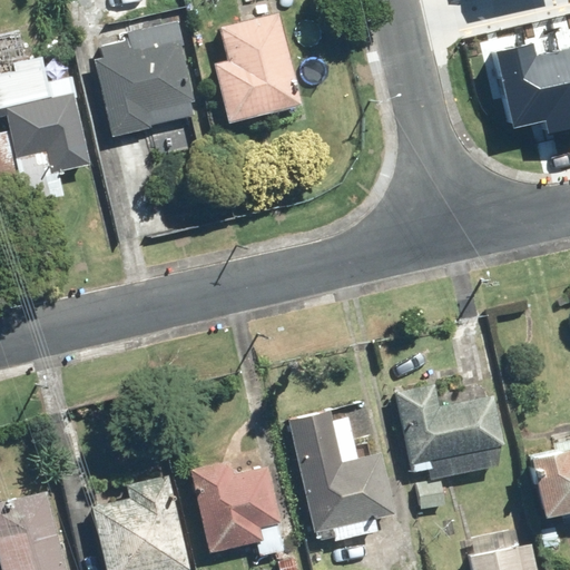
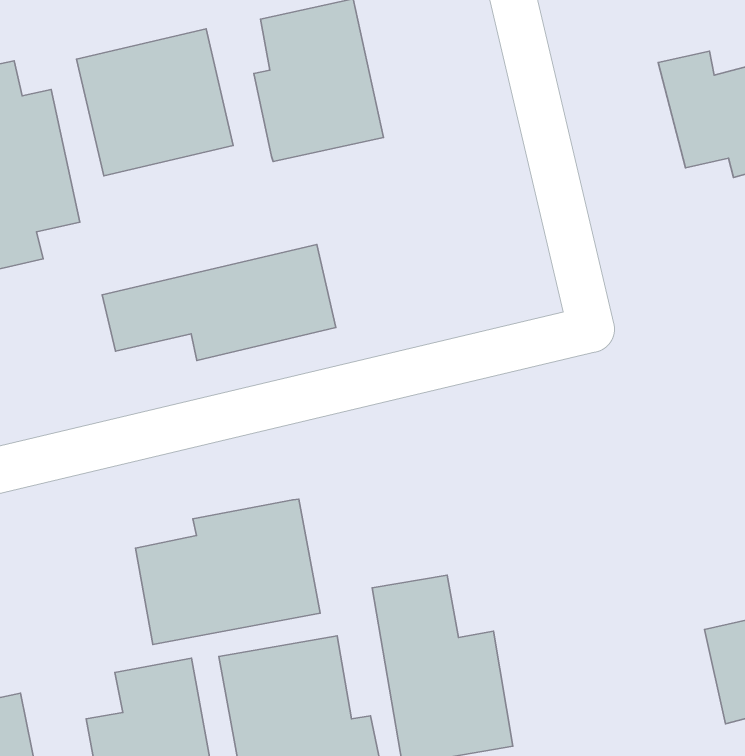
building: none -> [102,244,336,360]
building: none -> [135,499,320,644]
building: [394,381,508,510] -> none

